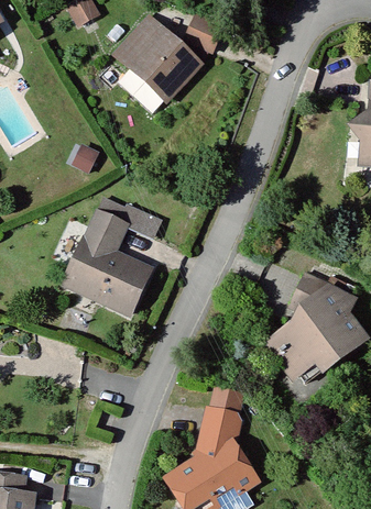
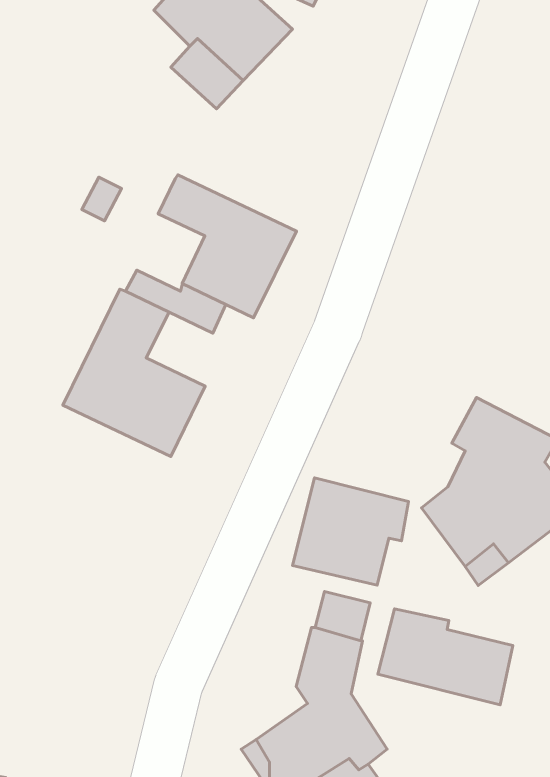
building: none -> [158,175,296,318]
building: none -> [292,478,408,585]
building: none -> [378,609,513,705]

